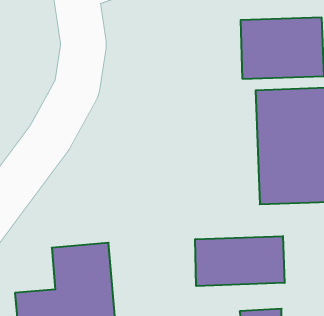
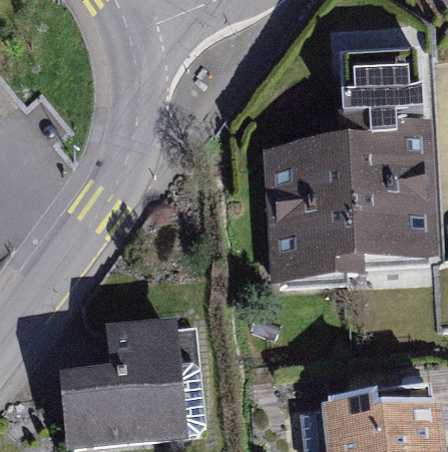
building: none -> [268,151,356,290]
building: [195,236,285,286] -> none

